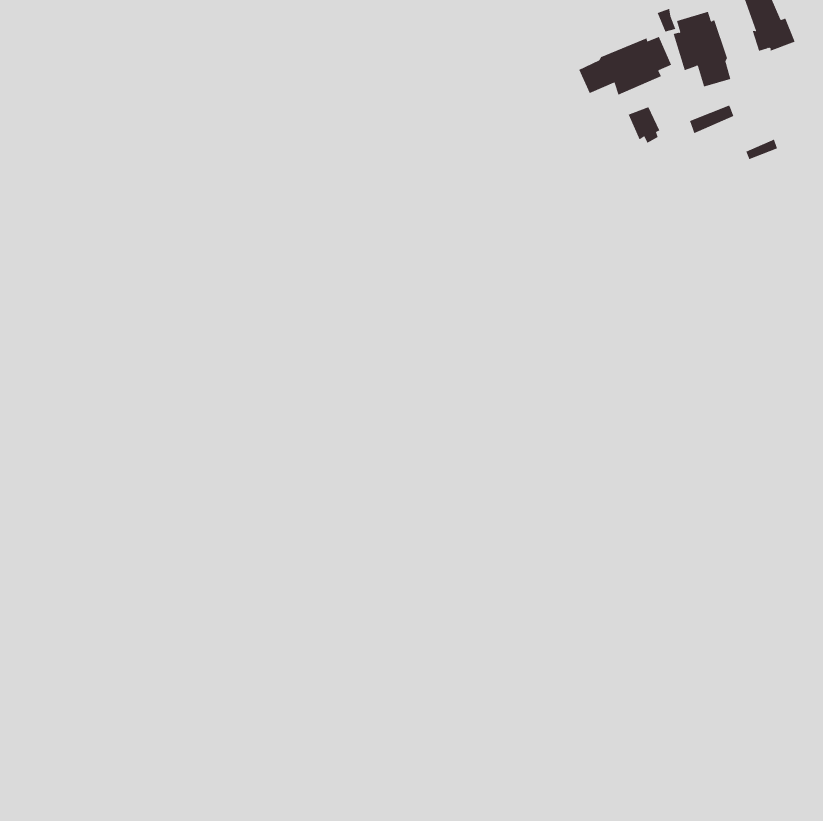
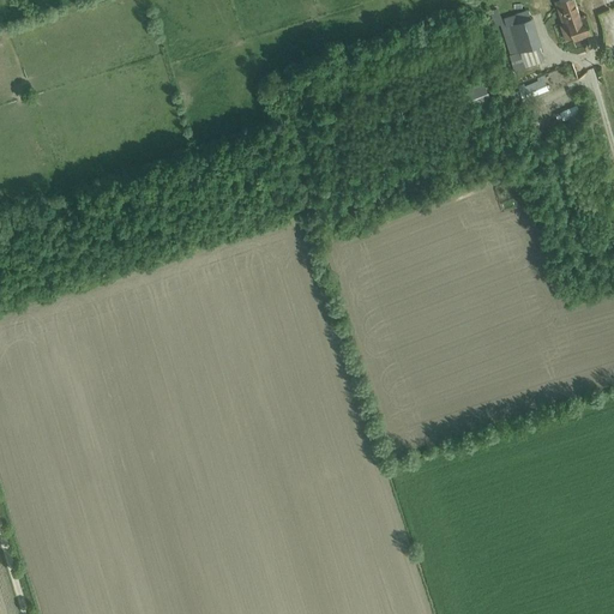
building: [578,36,672,96] -> none

